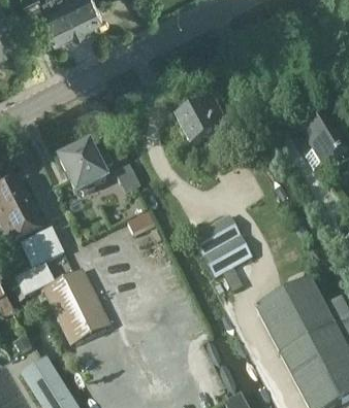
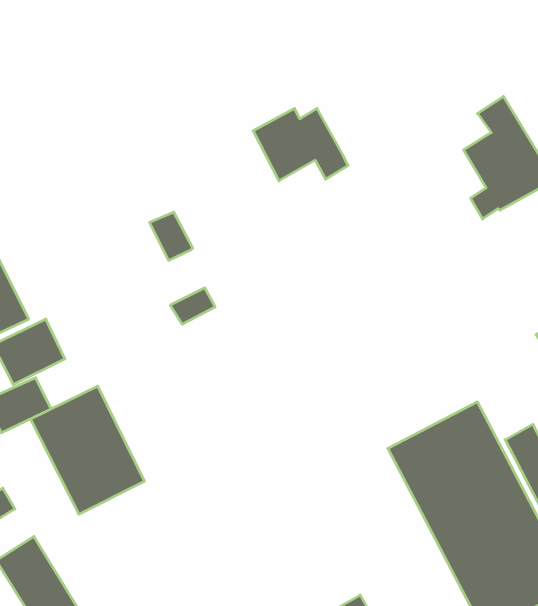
building: [60,144,113,194] -> none
building: [192,217,252,277] -> none

